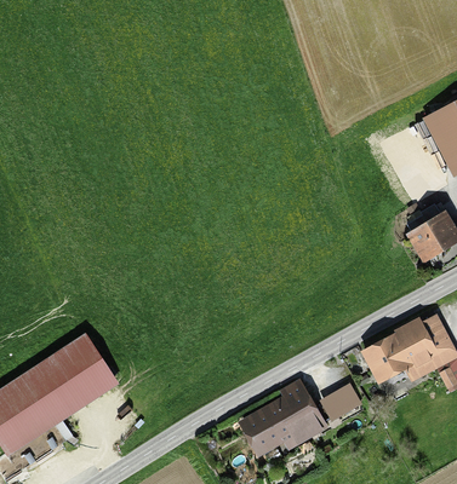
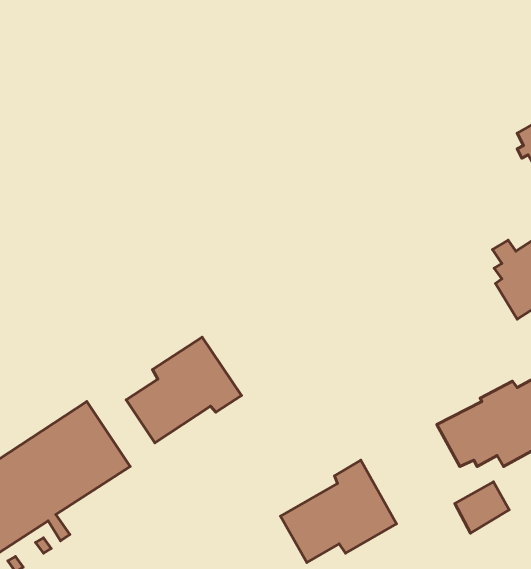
building: none -> [126,337,242,443]
building: [320,382,362,422] -> [455,482,509,533]

